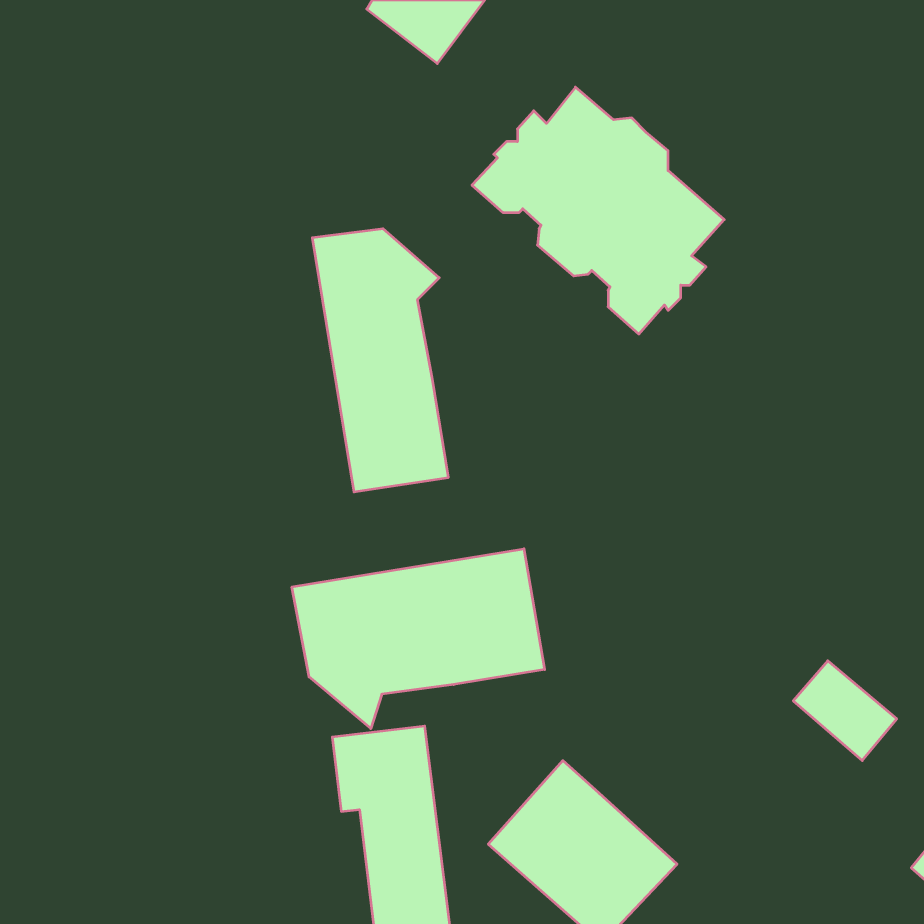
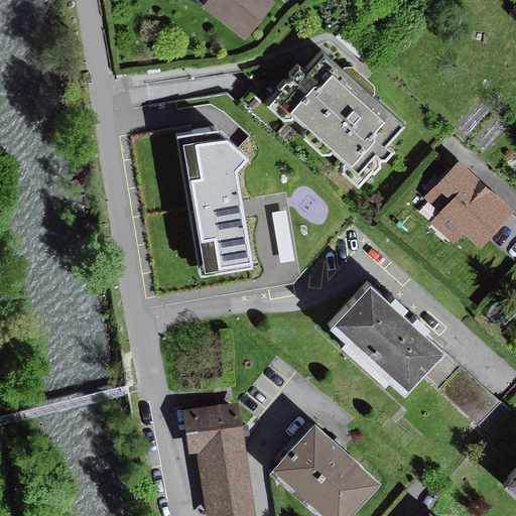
building: none -> [430,164,511,247]
building: none -> [333,285,441,390]
building: [292,549,545,729] -> none

